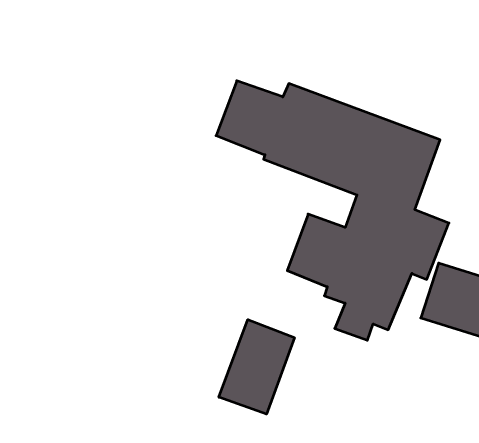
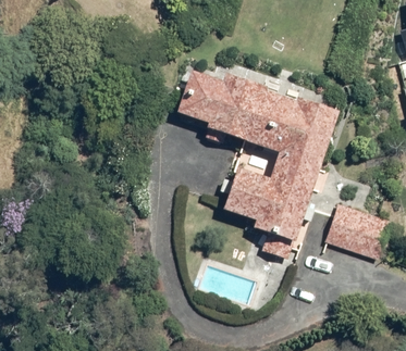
building: [219,320,294,414] -> none

